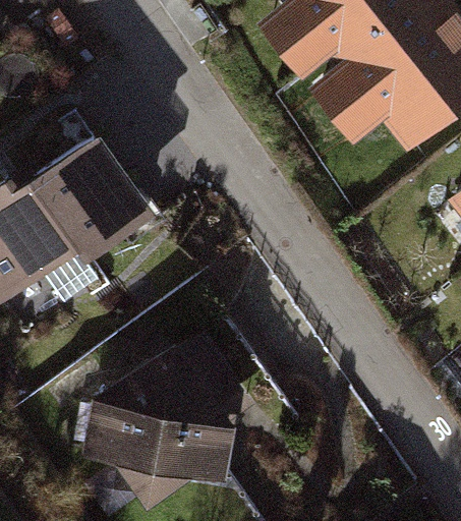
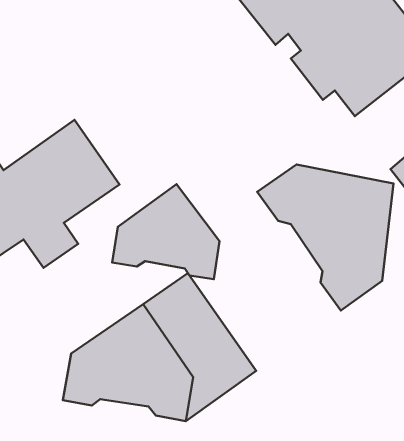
building: none -> [257,165,393,310]
building: none -> [112,184,220,279]

